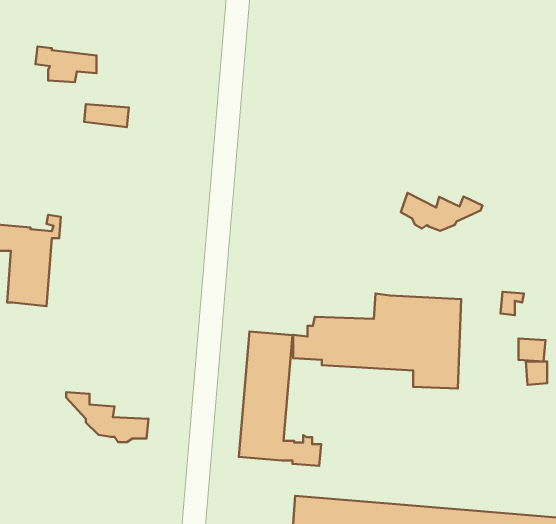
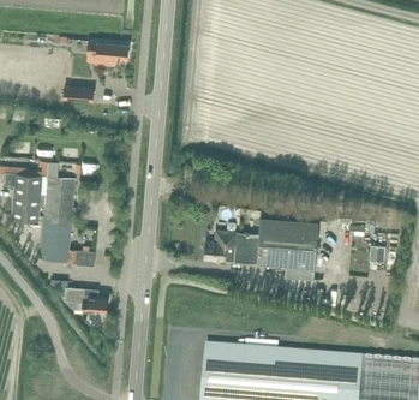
building: [36,46,96,82] -> [88,40,128,64]
building: [401,193,483,231] -> none
building: [239,332,321,466] -> [40,175,95,265]

